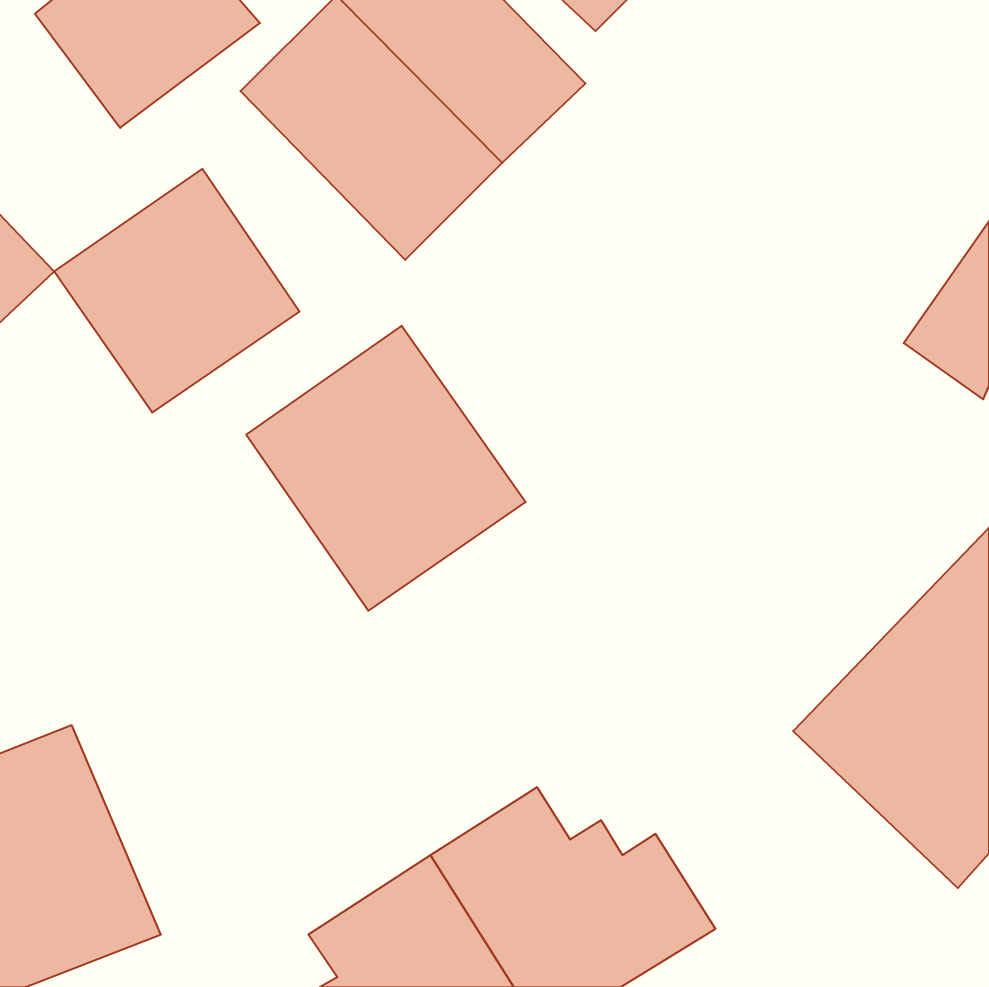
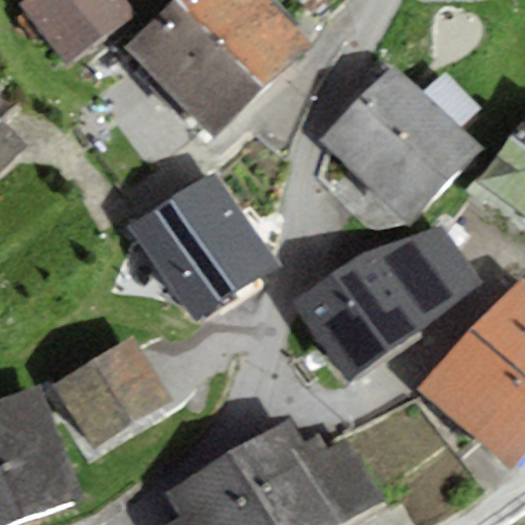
building: none -> [319,62,481,223]
building: [54,169,299,413] -> none
building: none -> [292,226,483,381]
building: none -> [50,335,170,449]

